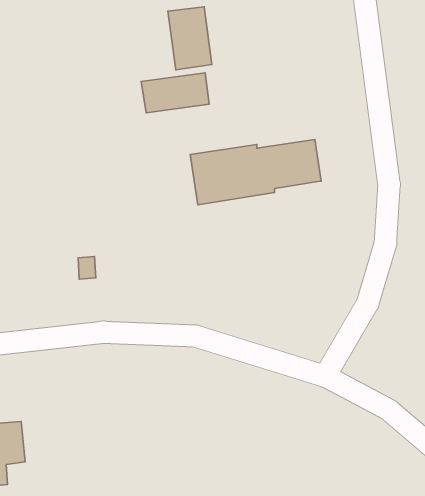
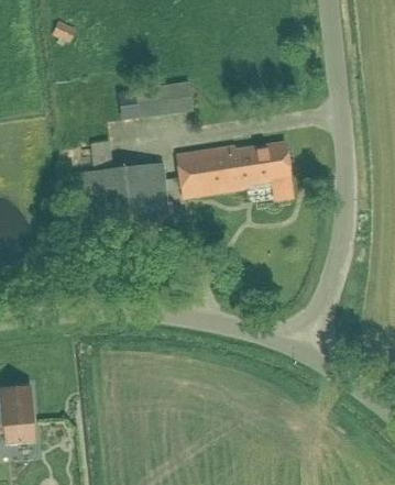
building: [168,7,212,70] -> none
building: none -> [78,162,169,227]

